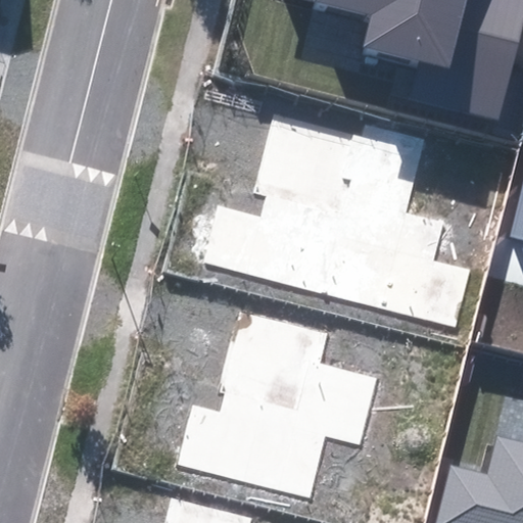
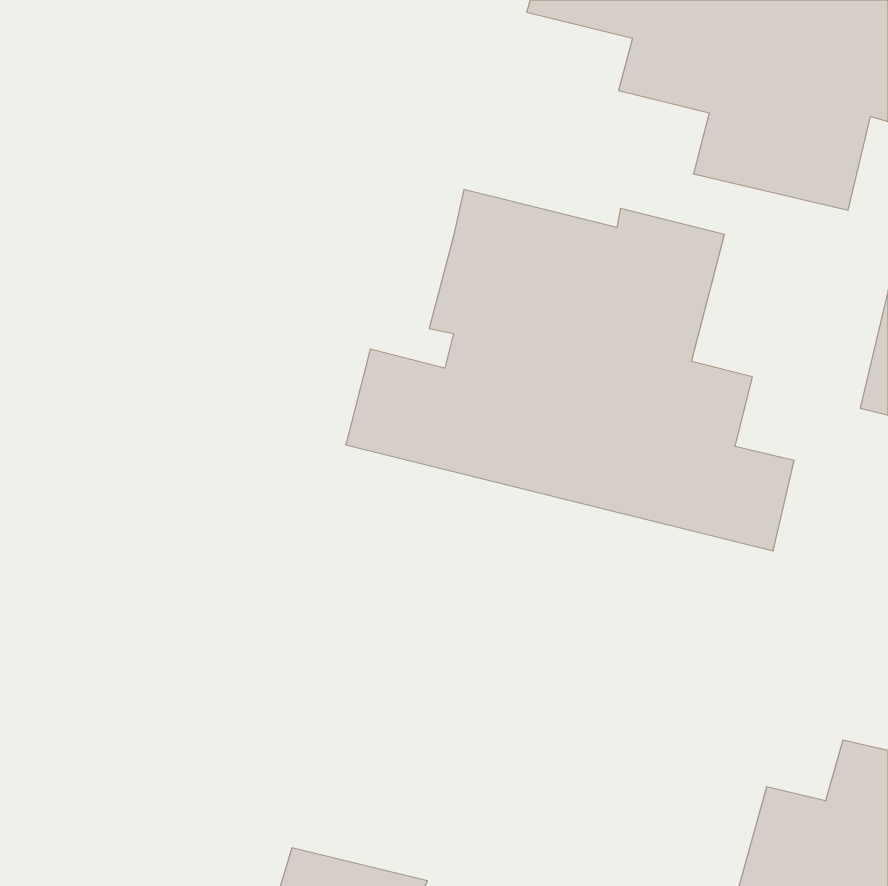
building: [178,315,376,498] -> none

